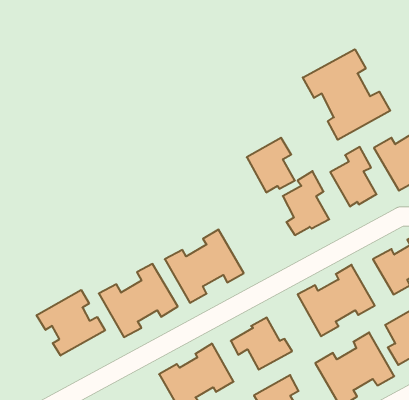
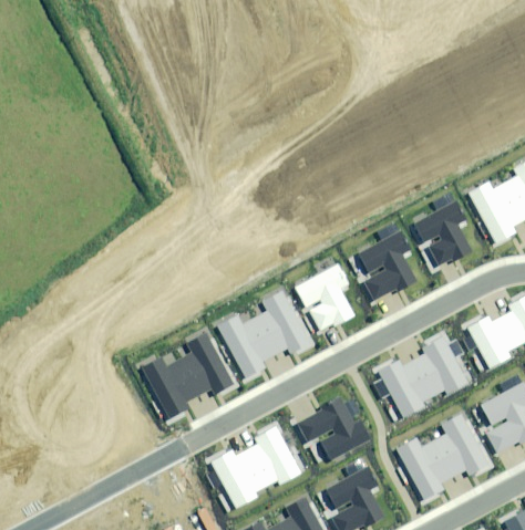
building: [303,49,390,140] -> none
building: [247,138,295,192] -> [297,263,354,329]
building: [37,290,105,356] -> none

